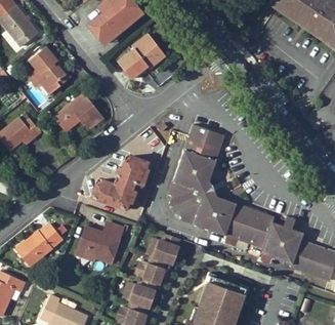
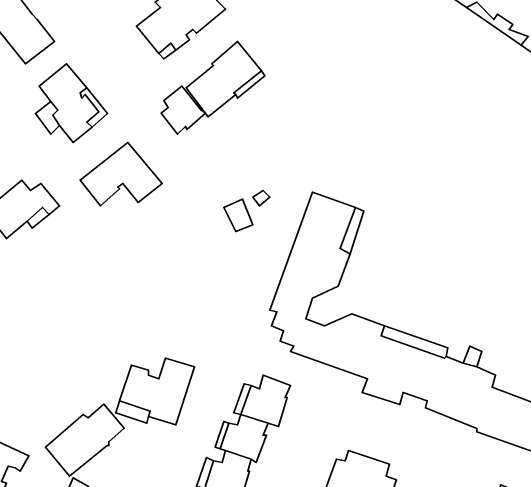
building: none -> [161,86,206,134]
building: [91,156,149,209] -> none
building: [190,180,217,204] -> none
building: [15,225,62,268] -> [46,404,124,476]

